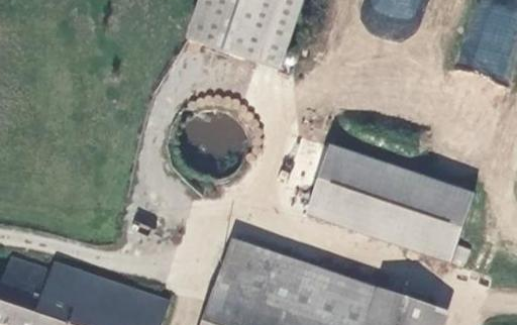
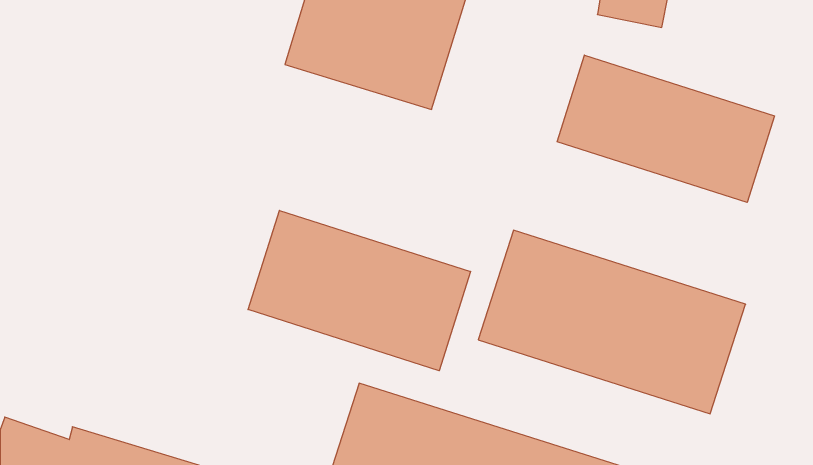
building: none -> [557,55,774,202]
building: none -> [248,210,471,371]

